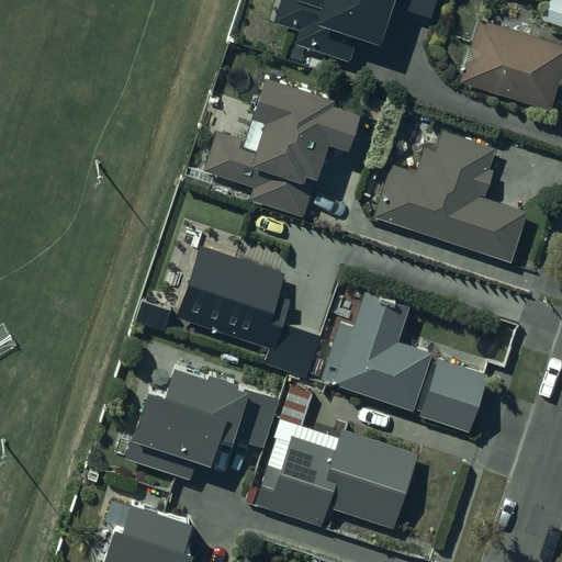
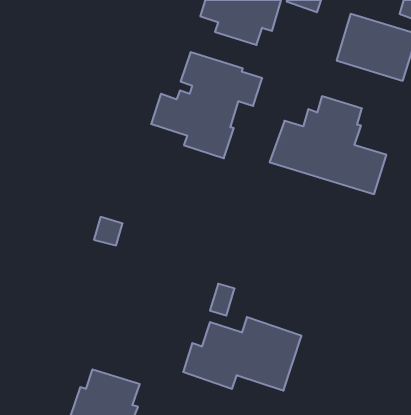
building: [176,246,322,380] -> none
building: [322,293,484,431] -> none
building: [132,363,284,479] -> none

